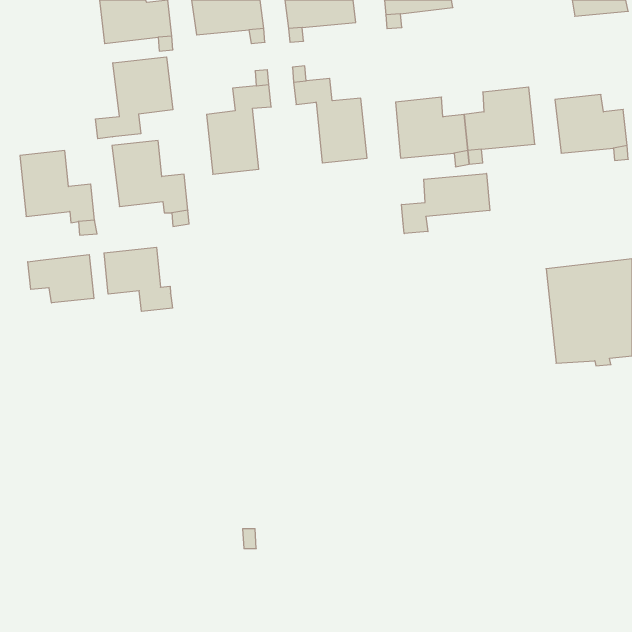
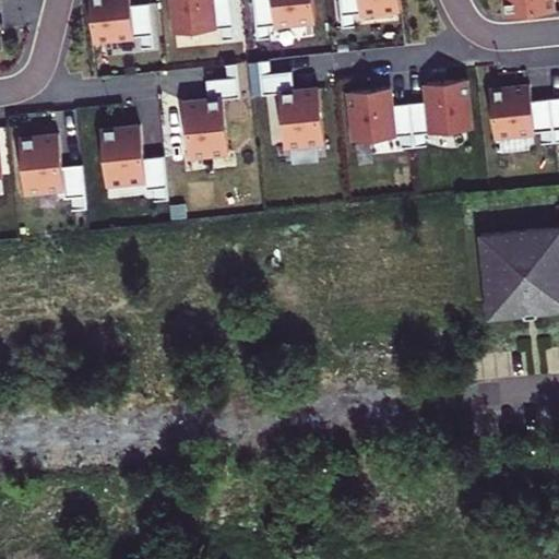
building: [96,57,173,139] -> none
building: [402,173,490,234] -> none
building: [104,247,172,311] -> none
building: [28,255,94,303] -> none

